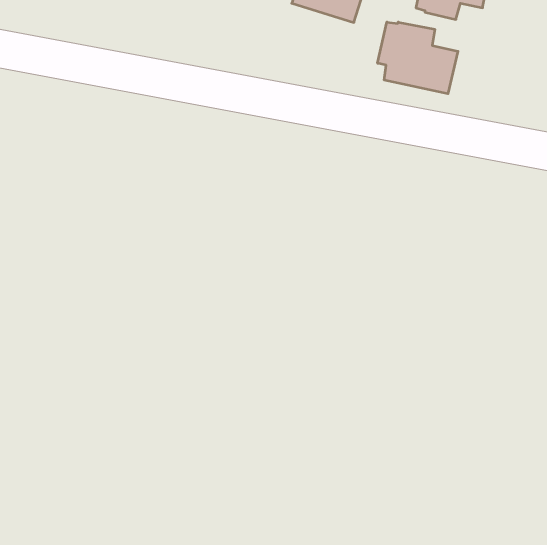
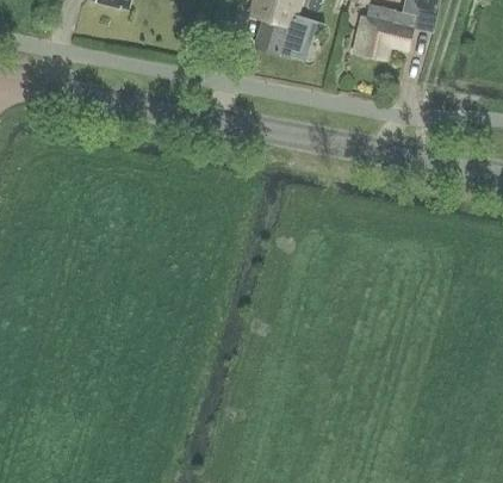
building: [378,22,458,94] -> none

